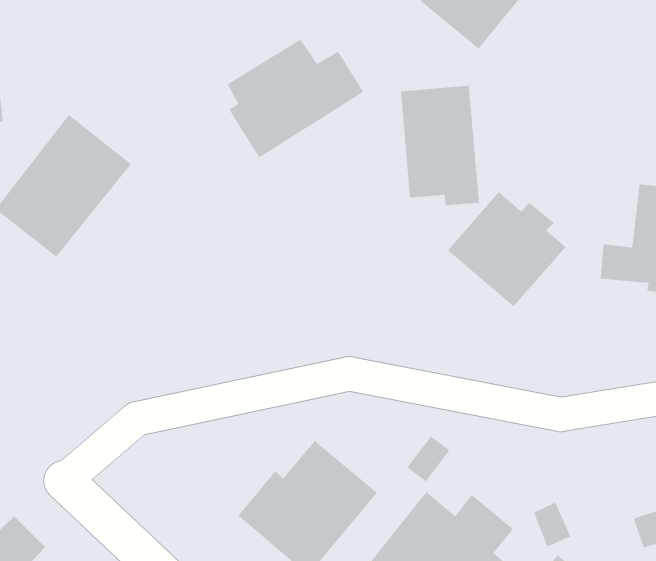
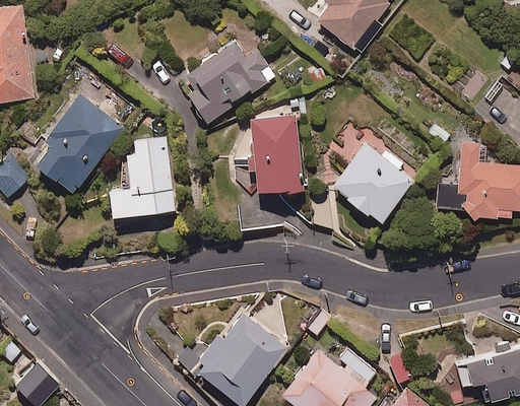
building: [400,85,480,206] -> [249,115,303,196]
building: none -> [106,135,171,214]

